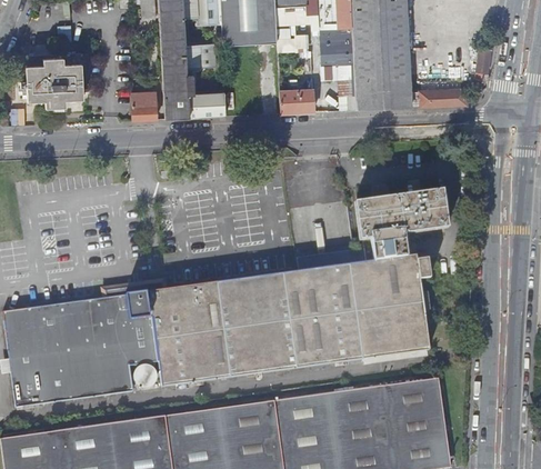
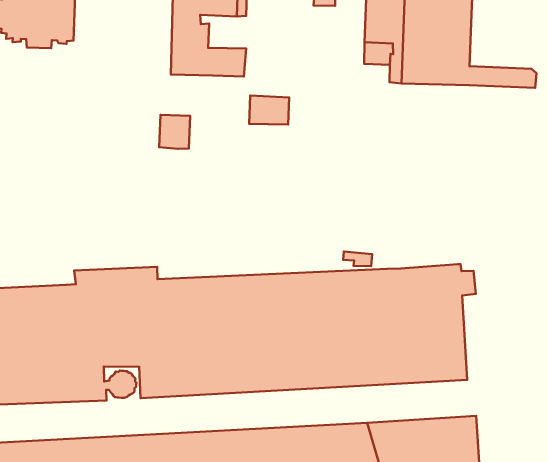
building: [280,88,313,112] -> [249,95,289,124]
building: [132,91,158,119] -> [159,115,190,149]
building: [354,188,449,261] -> none

